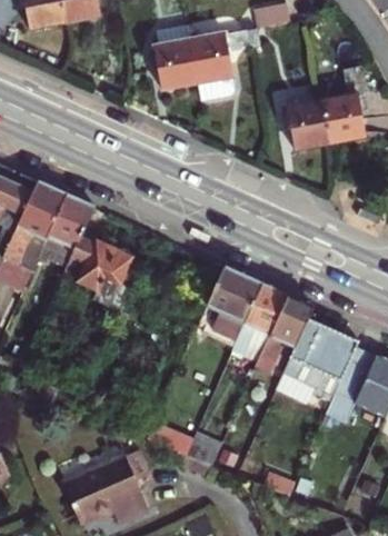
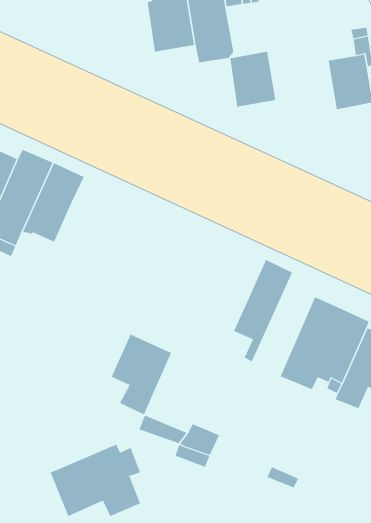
building: [286,99,329,151] -> [229,51,276,107]
building: [63,232,133,308] -> none
building: [207,266,263,341] -> [111,334,172,415]
building: [257,296,315,374] -> none

